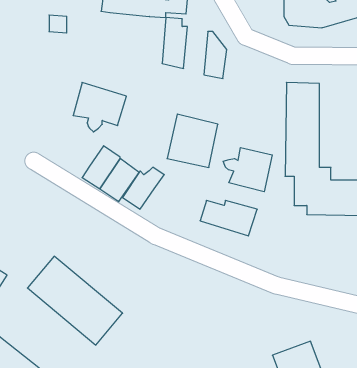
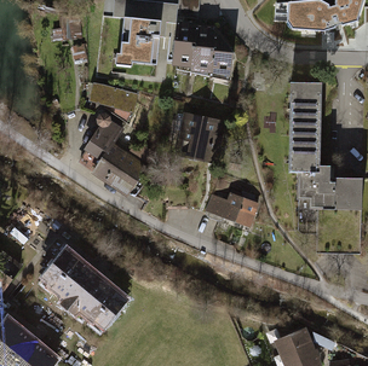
building: none -> [113,16,159,64]
building: none -> [191,25,214,75]
building: [223,148,272,192] -> none
building: [122,167,164,209] -> [85,122,125,162]

